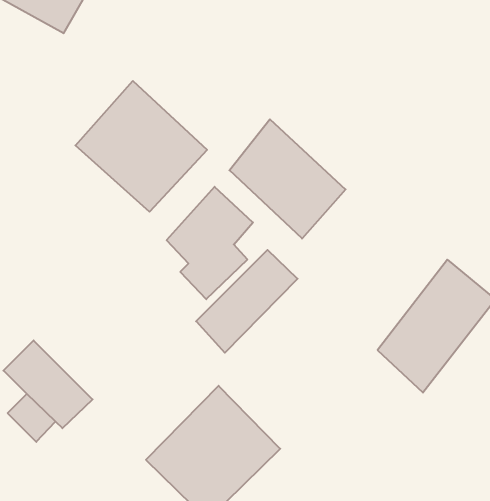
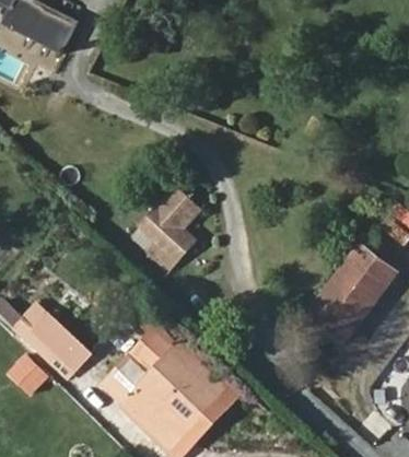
building: [75,81,207,212] -> none
building: [229,119,346,239] -> none
building: [196,250,298,353] -> [101,317,182,399]

